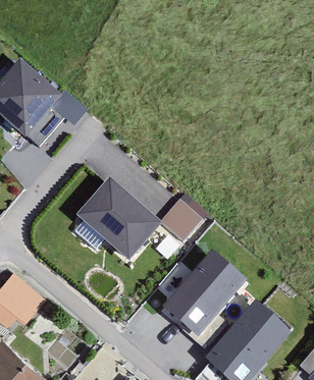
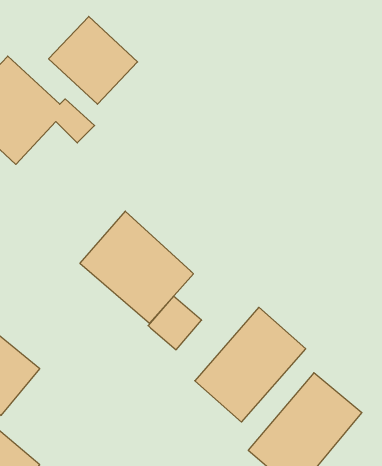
building: none -> [49,16,138,104]
building: [159,201,200,241] -> [148,296,202,350]

